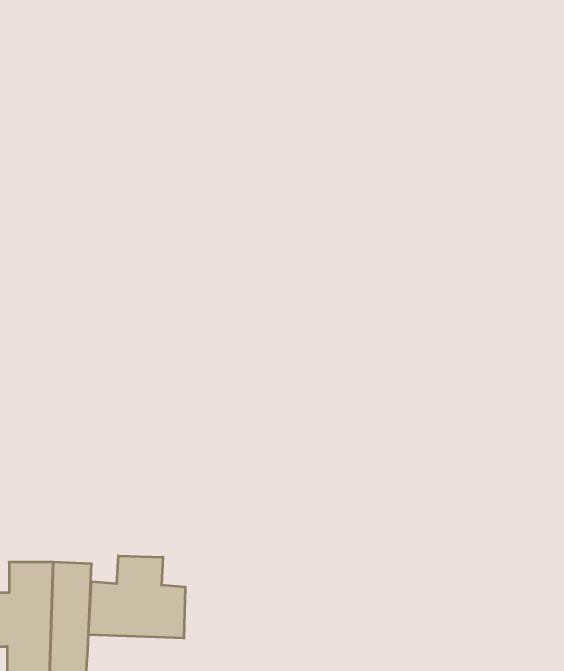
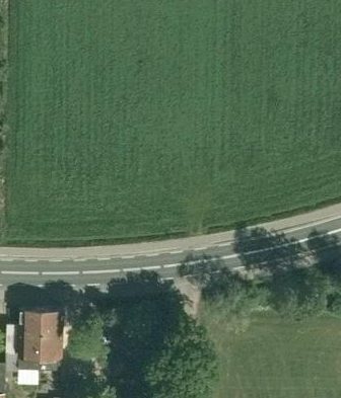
building: [88,556,185,638] -> none

